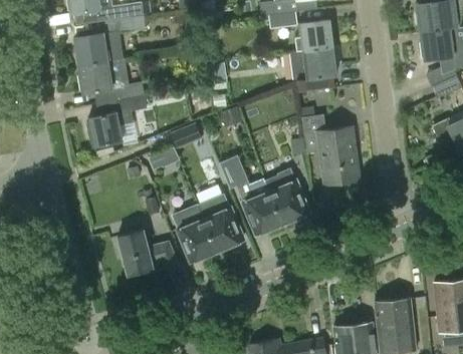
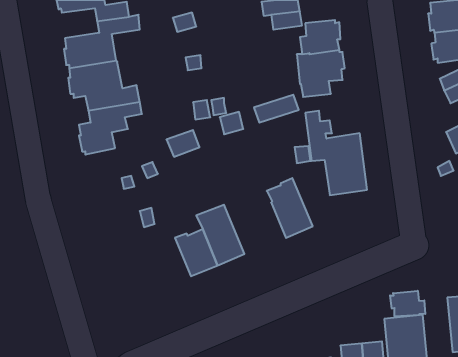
building: [219,155,282,235] -> none
building: [117,229,180,275] -> none
building: none -> [390,291,425,317]

